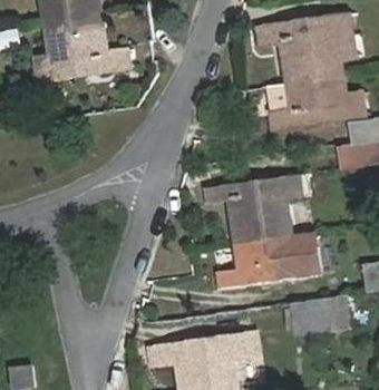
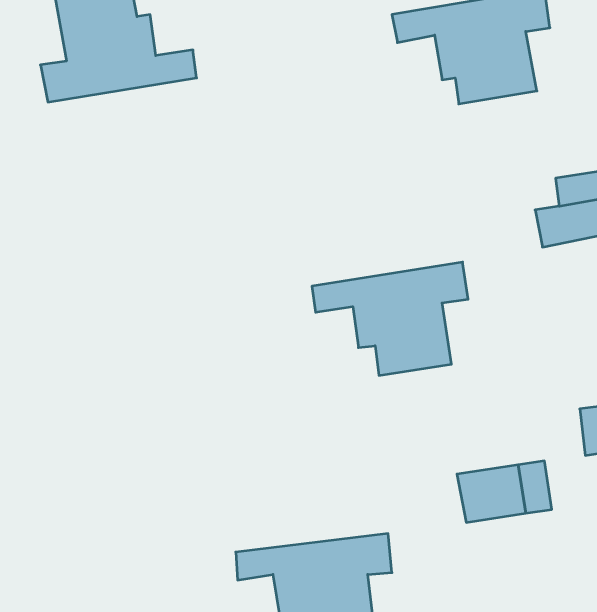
building: [265,74,358,128] -> none
building: [215,237,309,290] -> none

